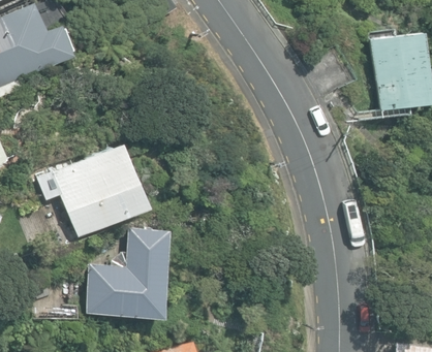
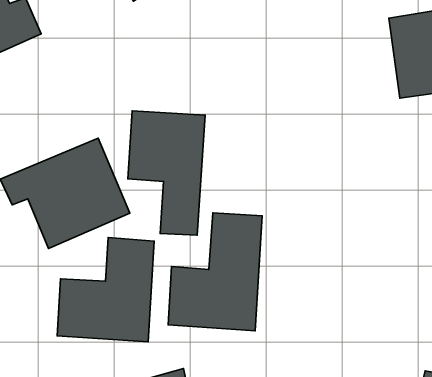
building: none -> [128,111,205,235]
building: none -> [168,213,262,331]

